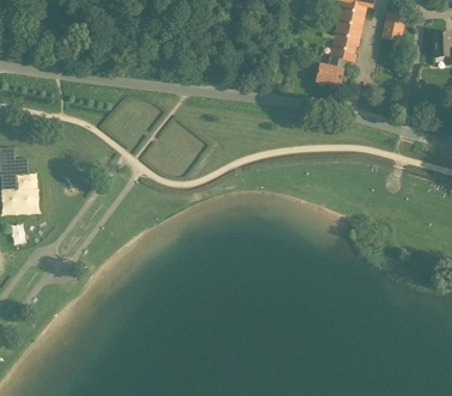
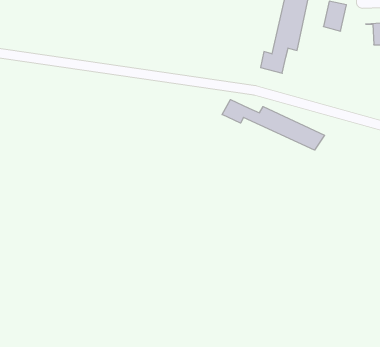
building: none -> [222,100,325,150]

